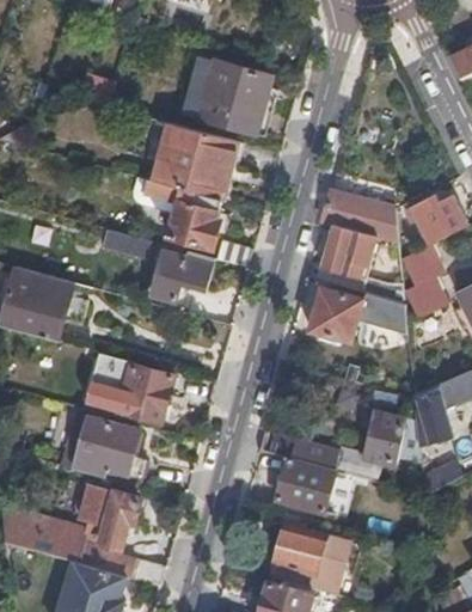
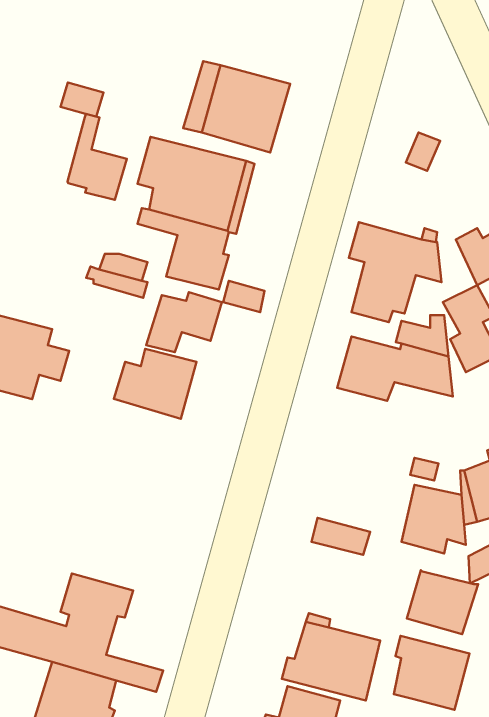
building: none -> [68,114,127,200]
building: [103,365,172,423] -> [114,349,196,419]
building: [73,417,145,486] -> none
building: [276,459,336,513] -> [407,570,478,634]
building: none -> [394,636,469,710]

